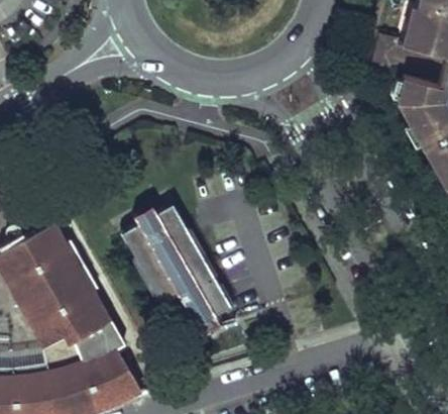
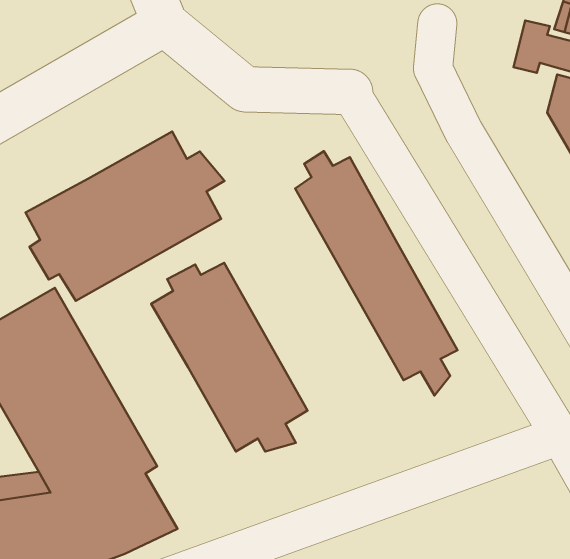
building: none -> [26,132,225,301]
building: none -> [295,151,458,396]

